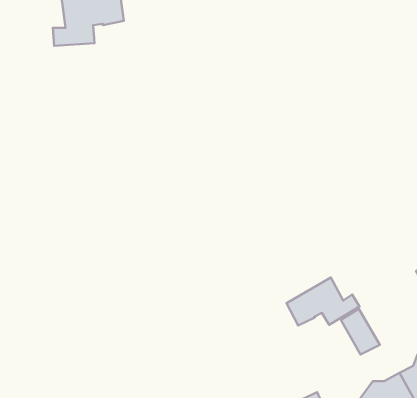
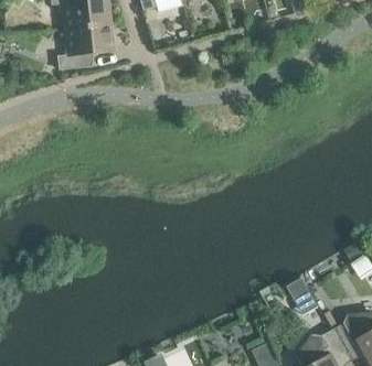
building: [286,278,360,325] -> none

